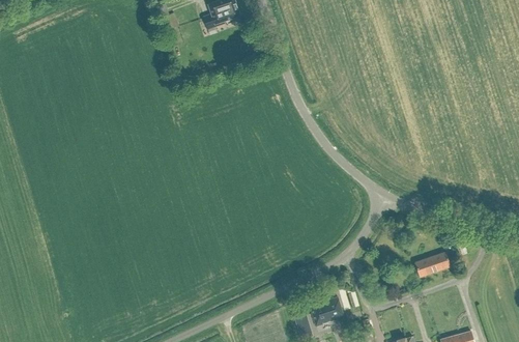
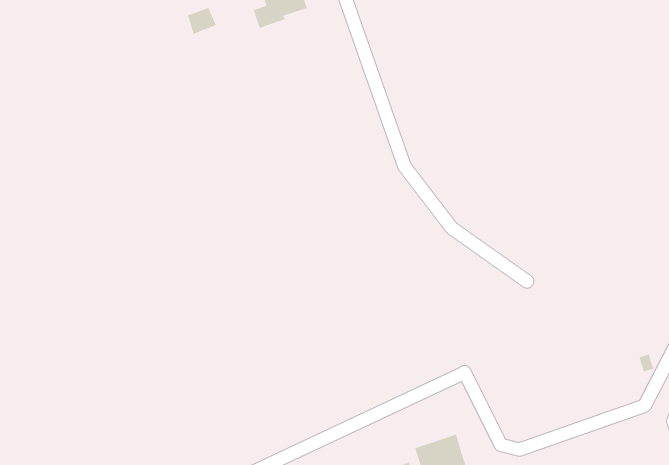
building: [413,252,450,277] -> none

